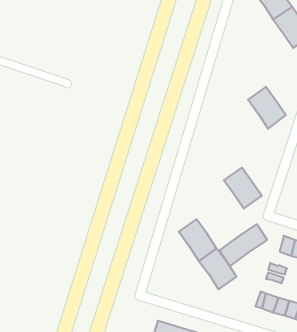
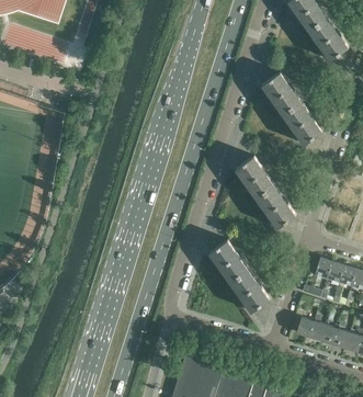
building: none -> [261,72,300,115]
building: none -> [235,157,275,200]
building: [219,224,267,266] -> none

